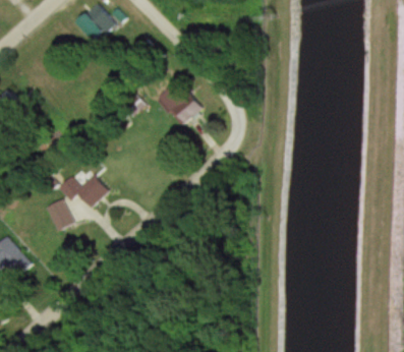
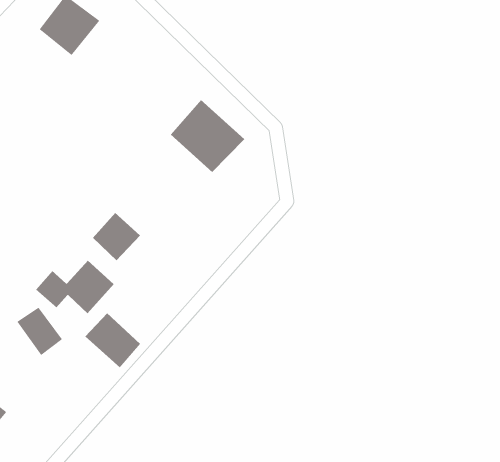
building: none -> [92,212,141,261]
building: none -> [84,312,141,368]

